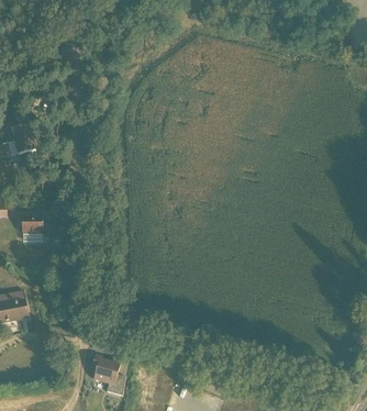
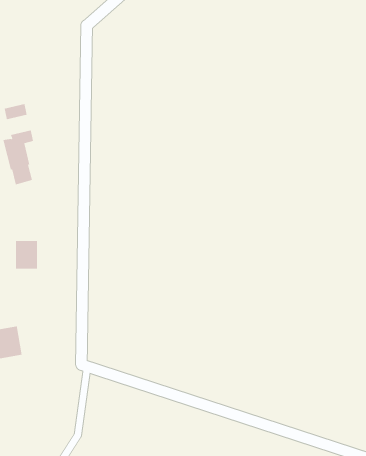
building: [93,355,126,396] -> none

